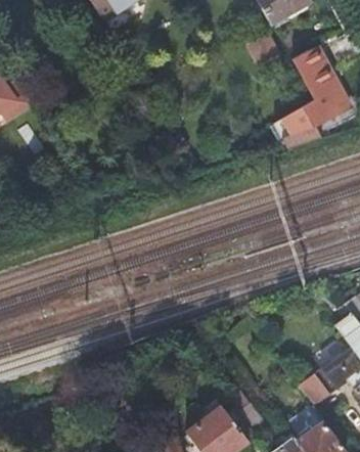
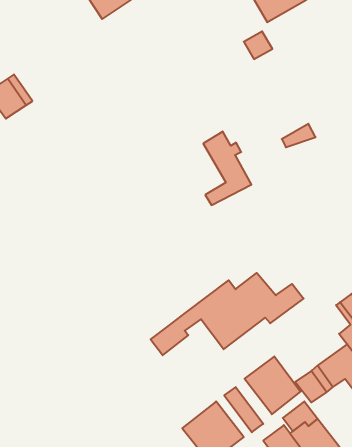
building: [291,49,340,123] -> [203,131,251,205]
building: none -> [151,273,304,355]
building: none -> [245,356,301,414]

